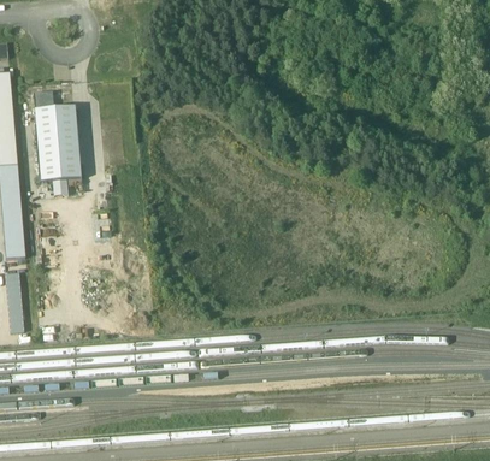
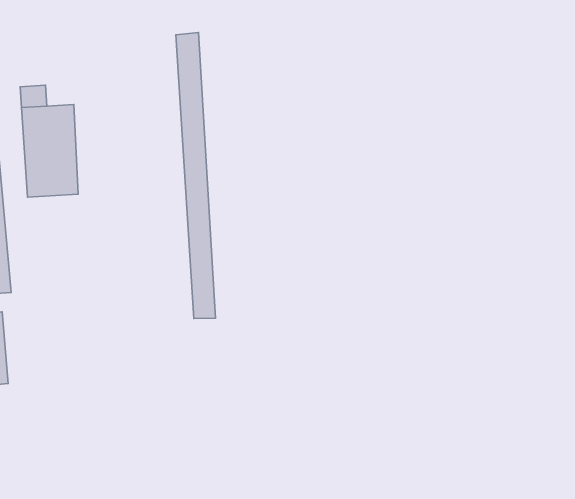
building: none -> [176,32,215,319]

